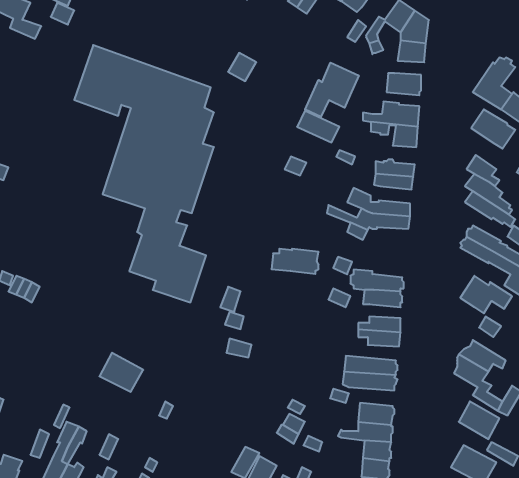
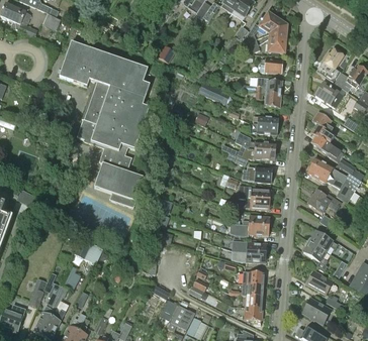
building: [305,63,359,117] -> none
building: [271,249,319,274] -> [242,165,272,182]

